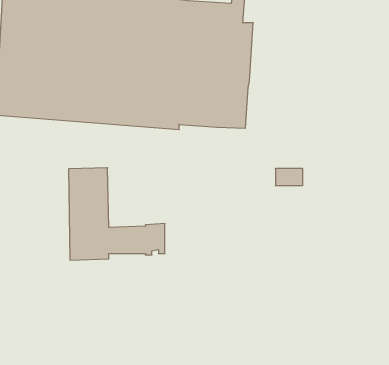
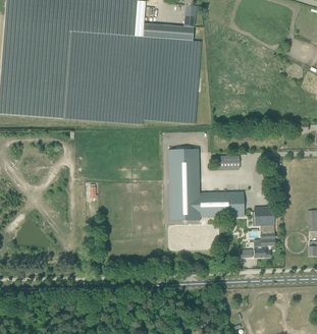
building: [69,168,165,260] -> [168,148,244,220]
building: none -> [254,206,275,257]

